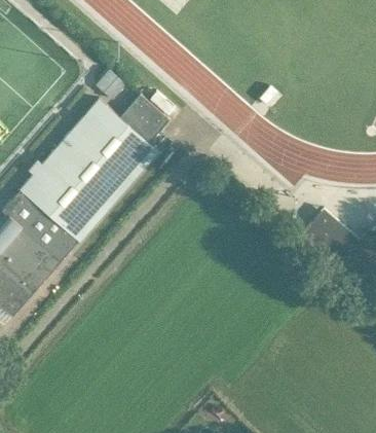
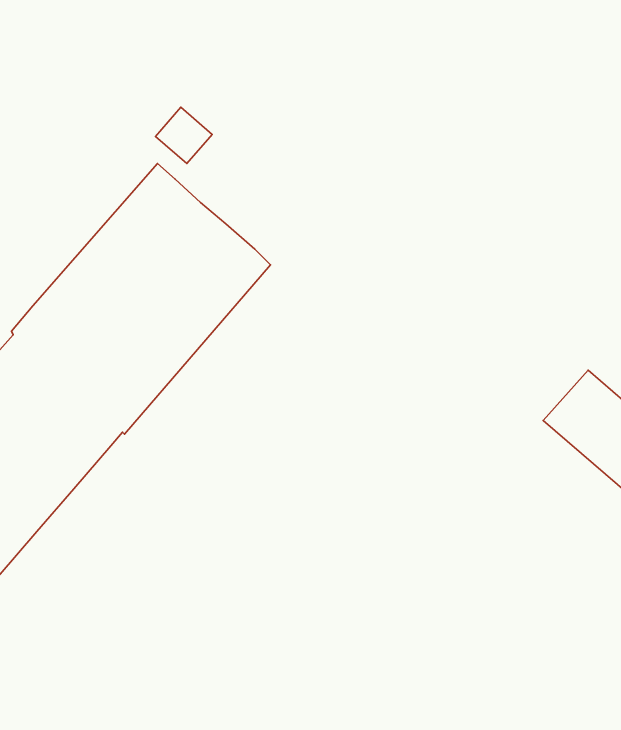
building: [124,94,168,136] -> none

